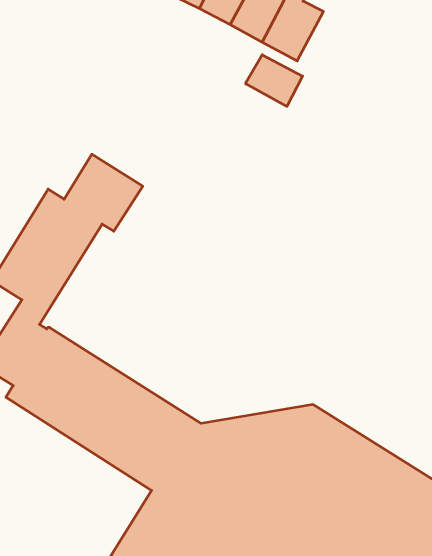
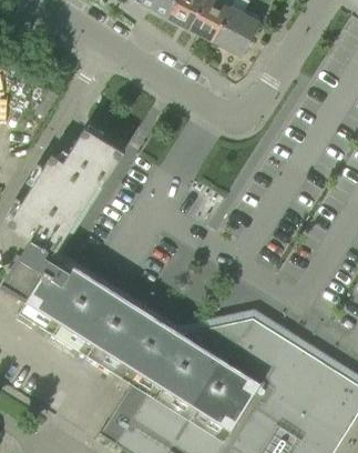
building: [246,55,303,106] -> none

